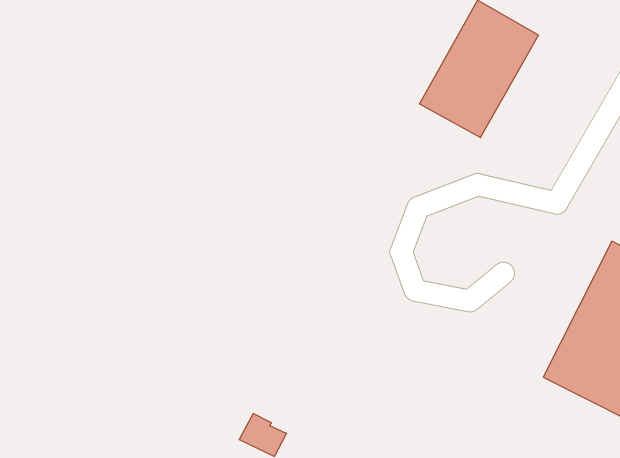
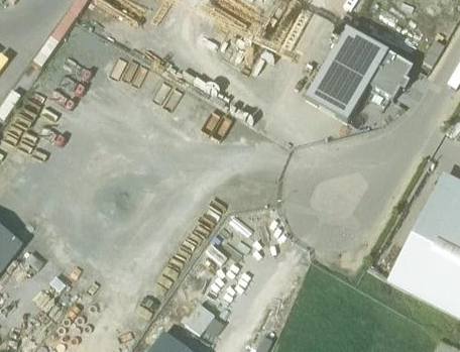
building: none -> [368,50,411,95]

